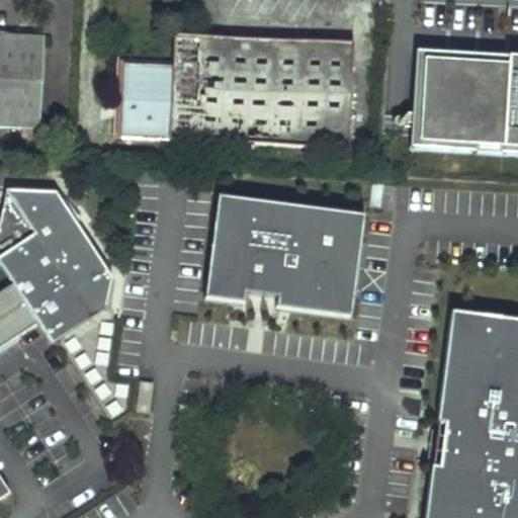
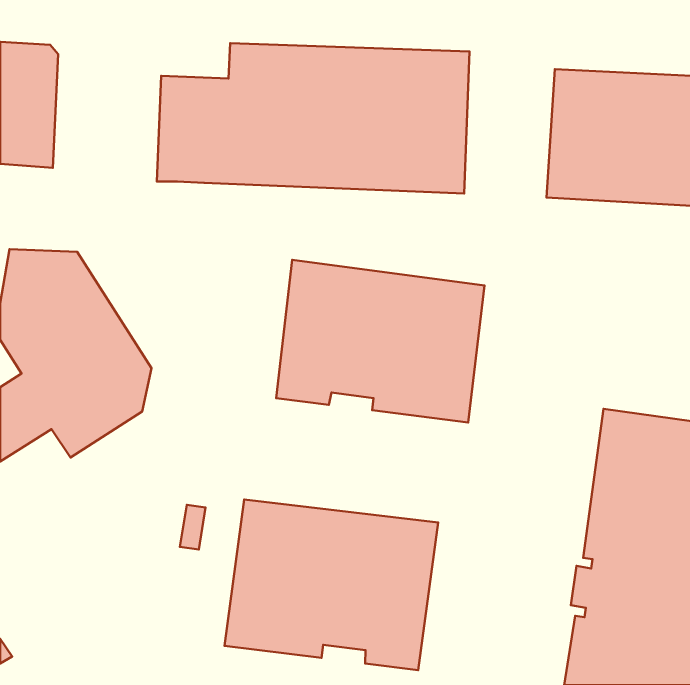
building: none -> [225,500,438,670]

